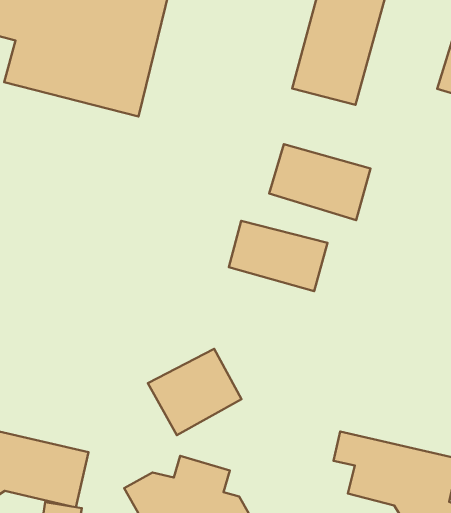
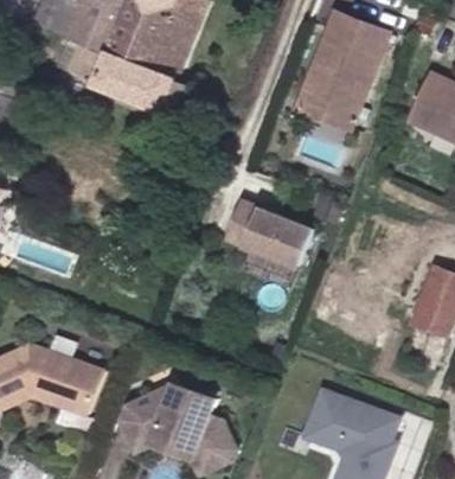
building: [269,144,371,220] -> none
building: [148,349,242,435] -> none

